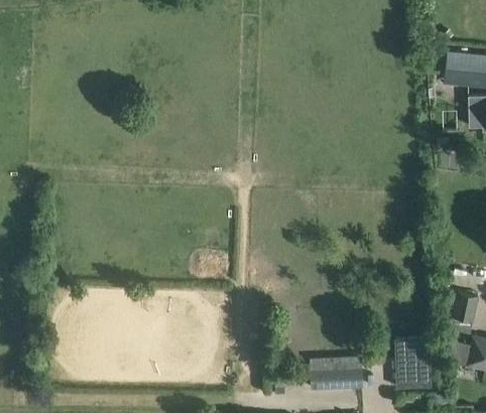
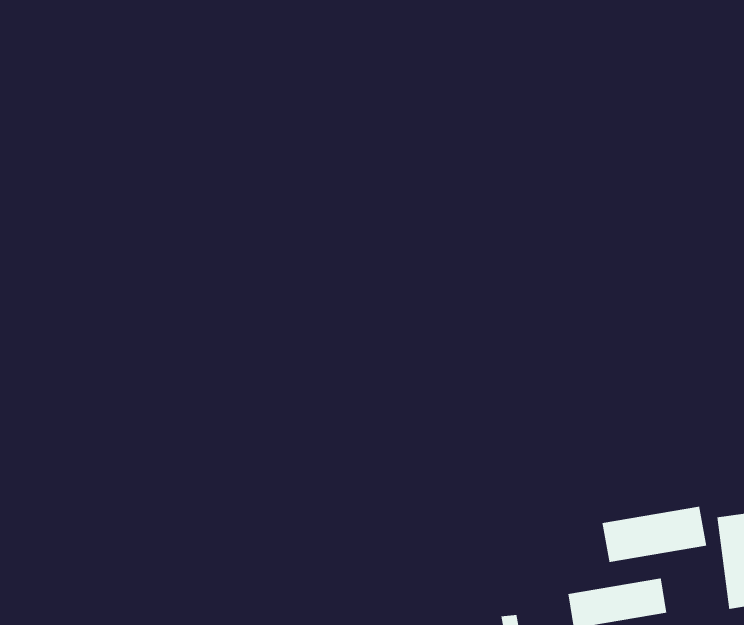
building: none -> [602,506,707,563]

